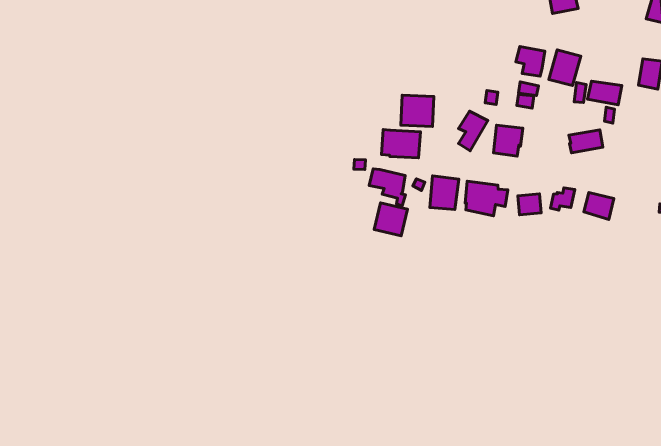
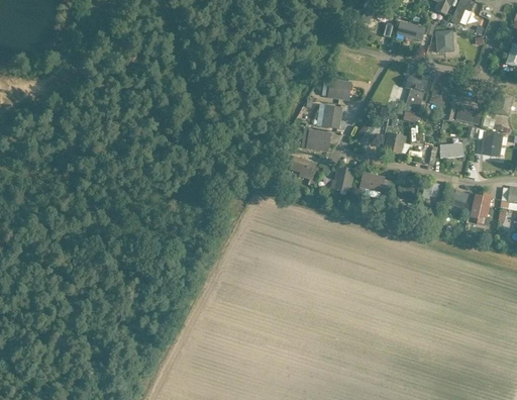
building: none -> [322,79,351,101]
building: none -> [482,132,502,156]
building: none -> [467,193,492,225]
building: [374,203,408,236] -> none

